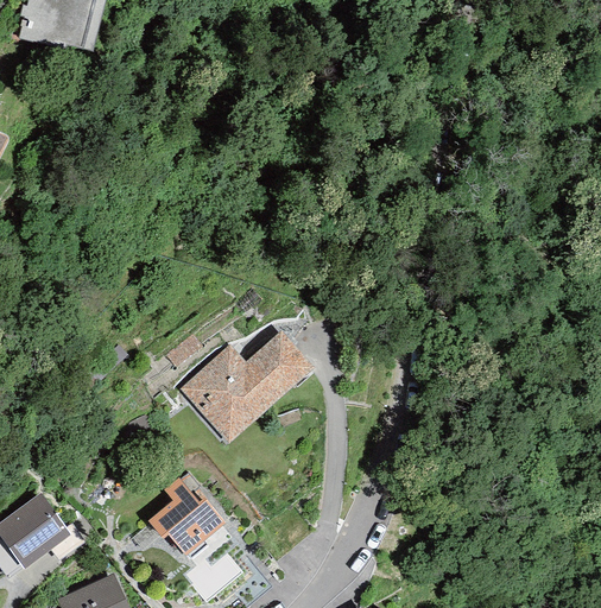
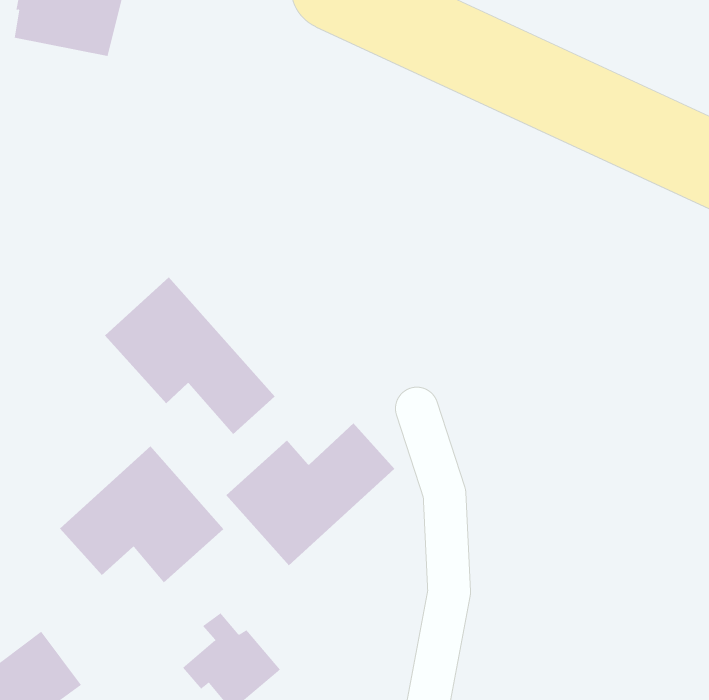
building: none -> [104,277,275,435]
building: none -> [59,445,224,583]

